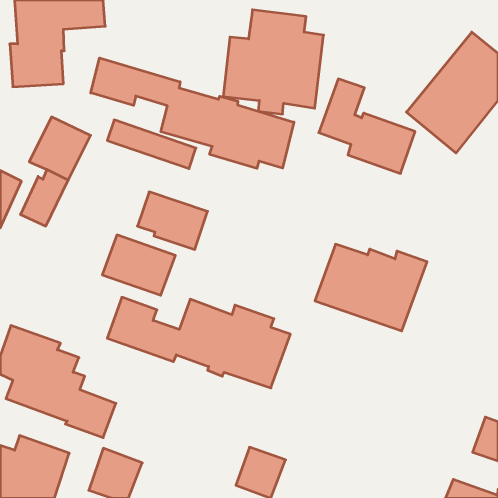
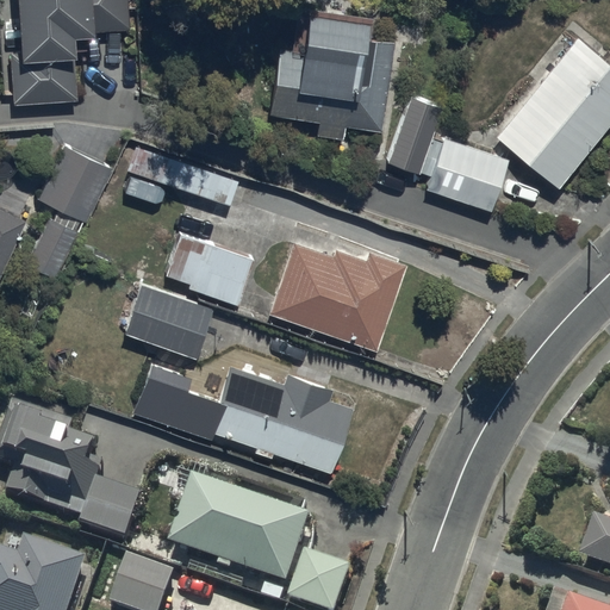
building: [91,58,294,168] -> none
building: [315,244,427,331] -> [269,244,406,350]
building: none -> [166,472,309,581]

